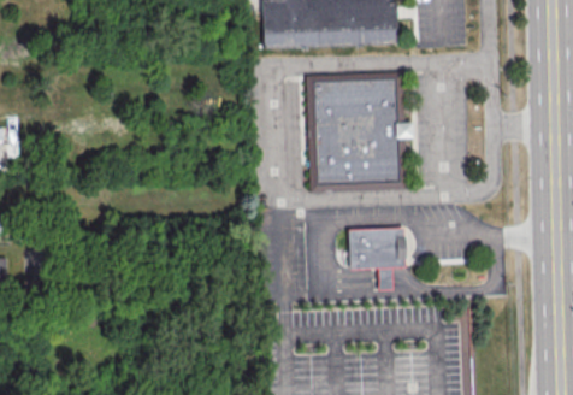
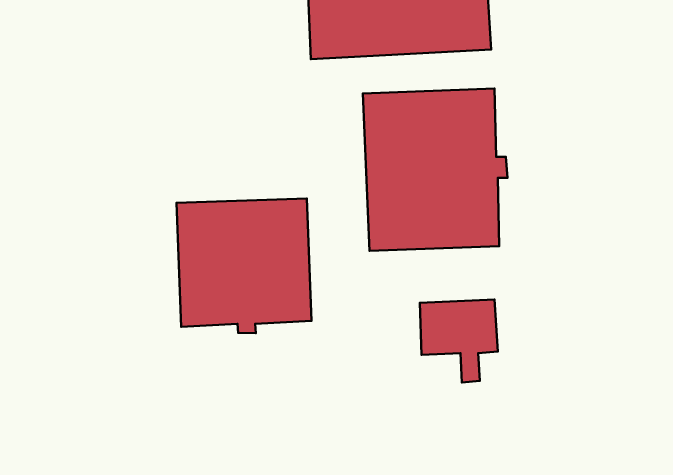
building: none -> [177,198,311,333]

